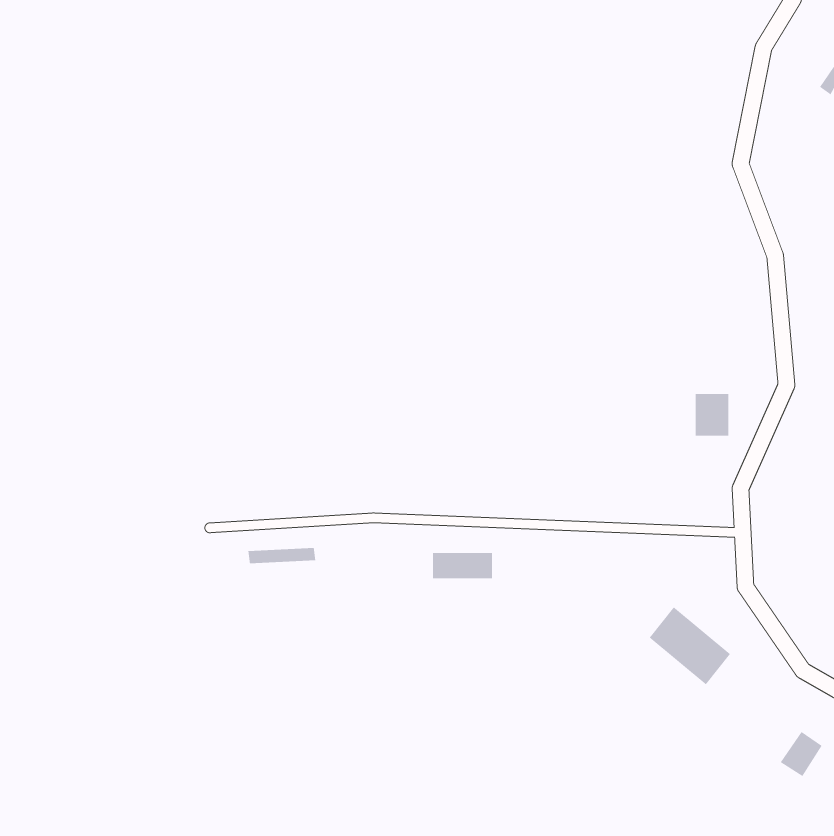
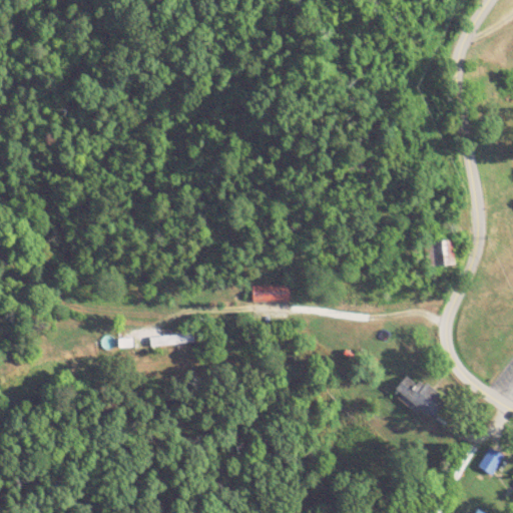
building: [432,552,493,579] -> [253,286,291,302]

